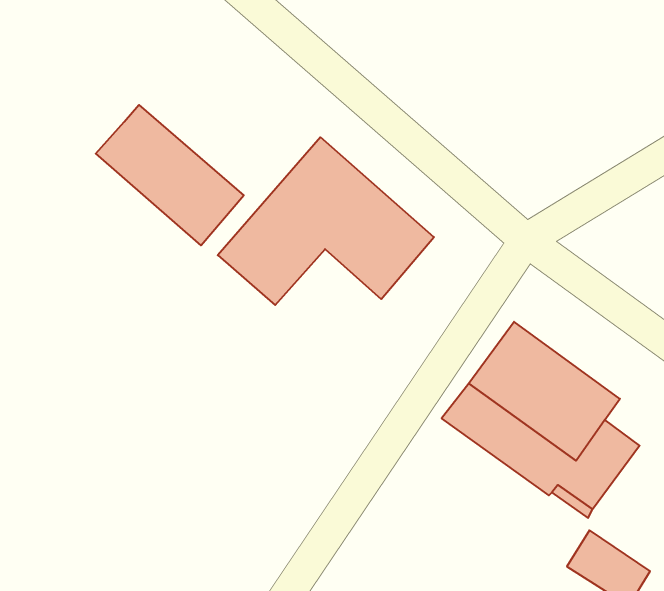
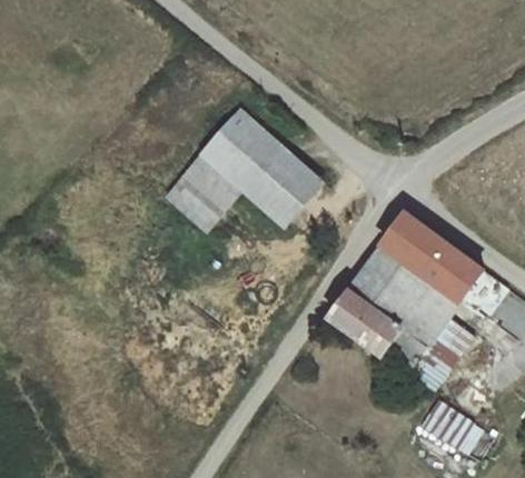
building: [96,105,244,245] -> none
building: none -> [382,211,483,300]

